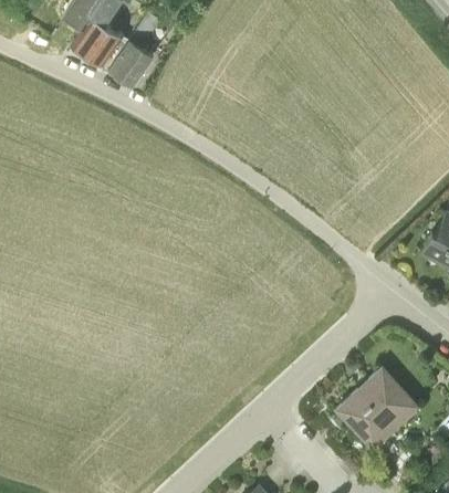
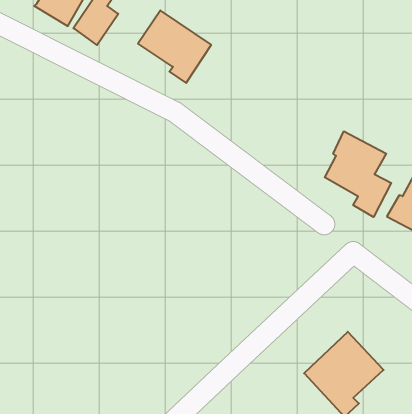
building: none -> [138,10,211,83]
building: none -> [325,131,391,217]

